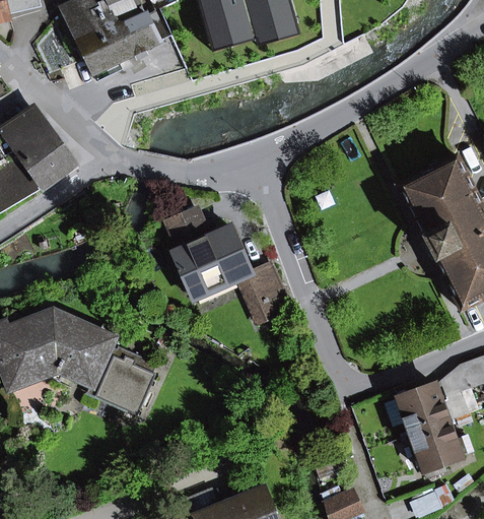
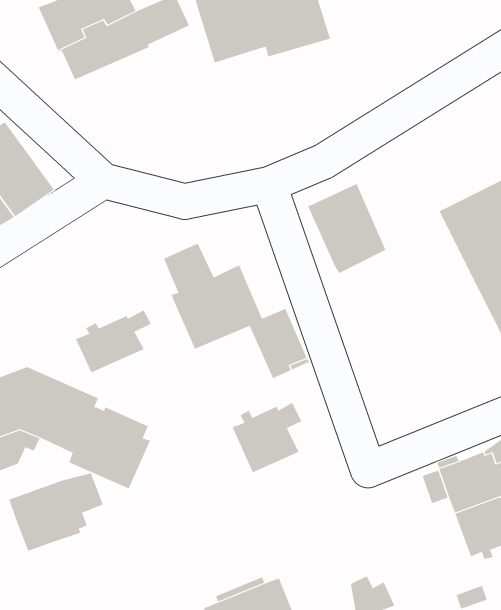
building: none -> [308,183,386,274]
building: none -> [75,310,152,373]
building: none -> [232,402,302,473]
building: none -> [9,473,103,552]

